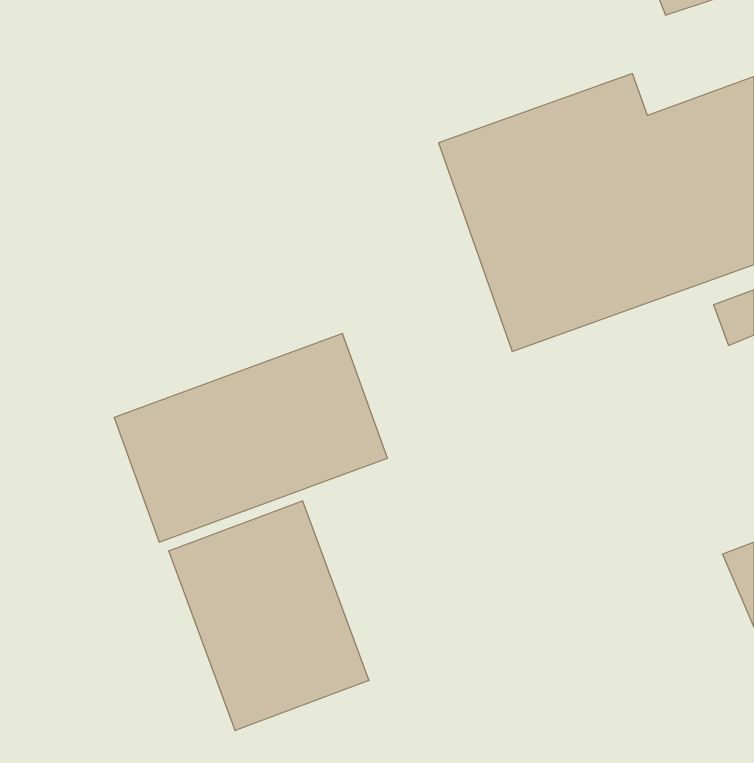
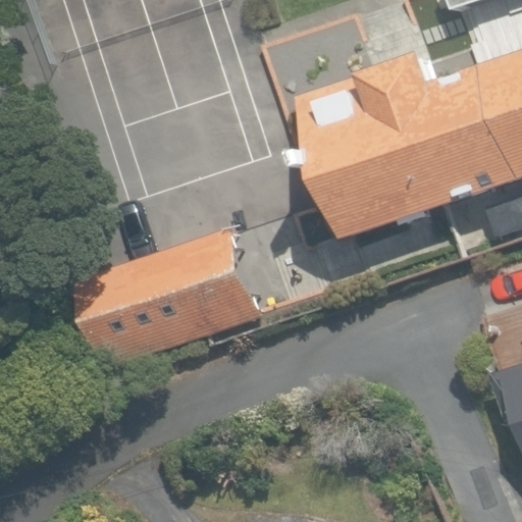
building: [169,501,369,731] -> none

